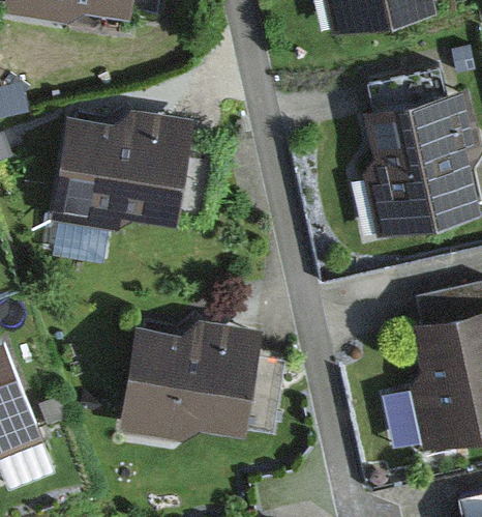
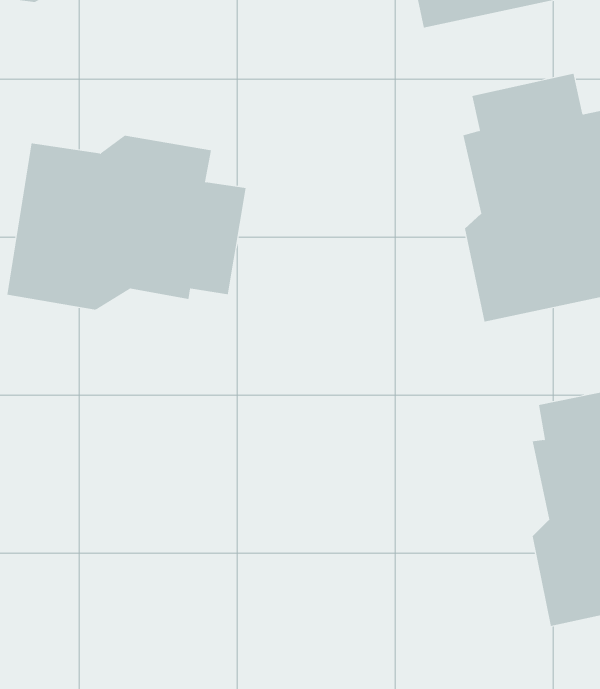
building: [119,320,284,441] -> none

